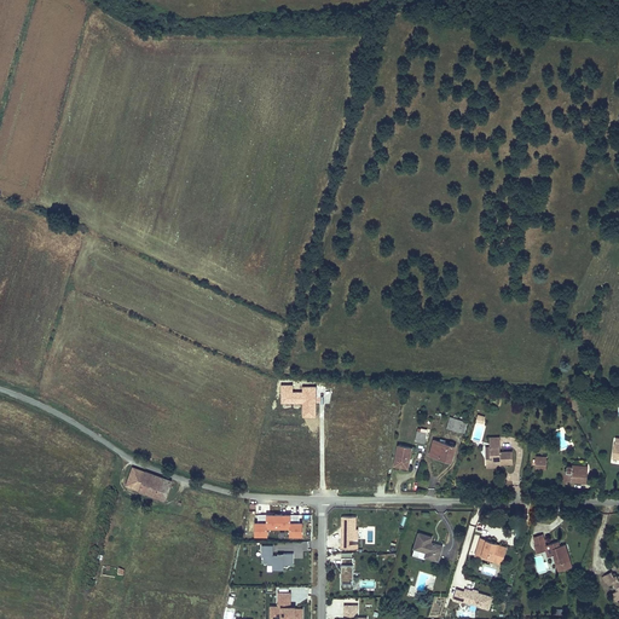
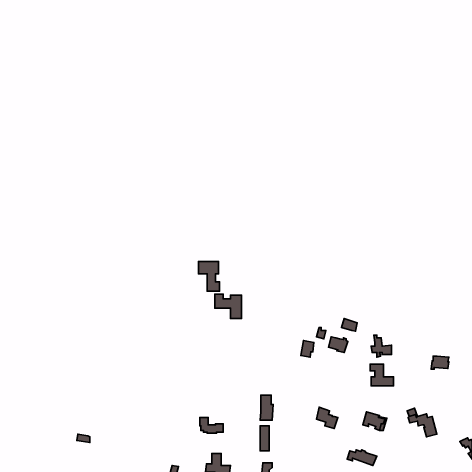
building: none -> [198,261,219,291]
building: [126,468,170,501] -> none
building: none -> [370,364,393,386]
building: [254,517,300,539] -> none

